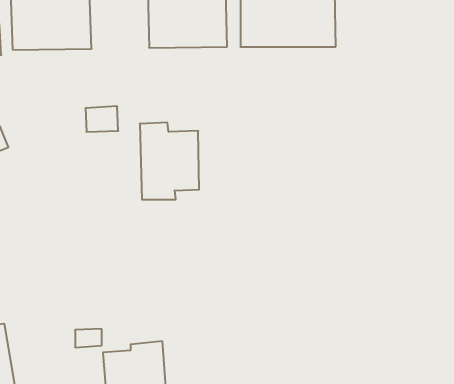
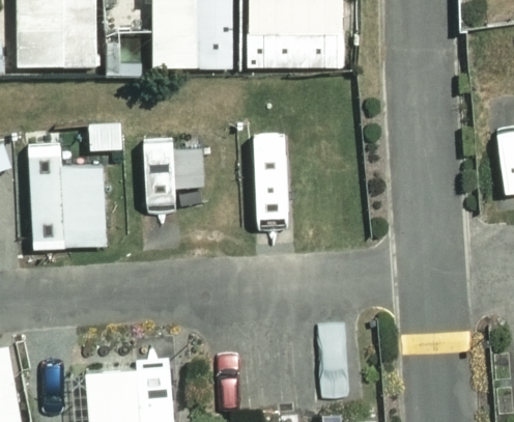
building: none -> [29,146,106,249]

